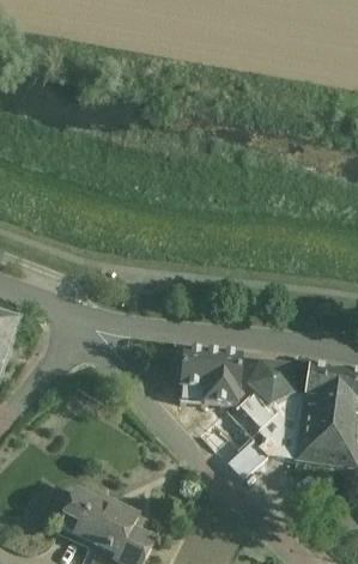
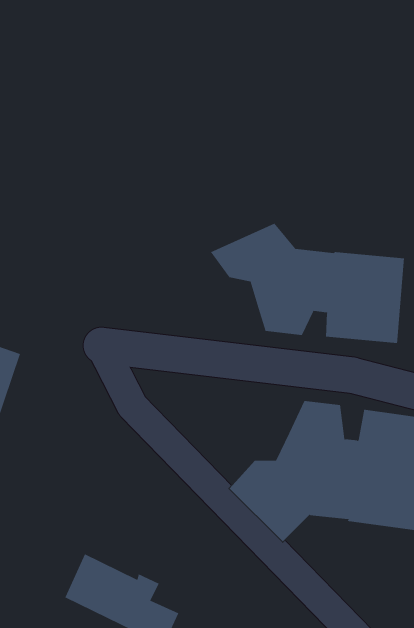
building: none -> [210,223,405,344]
building: [180,351,238,406] -> none

